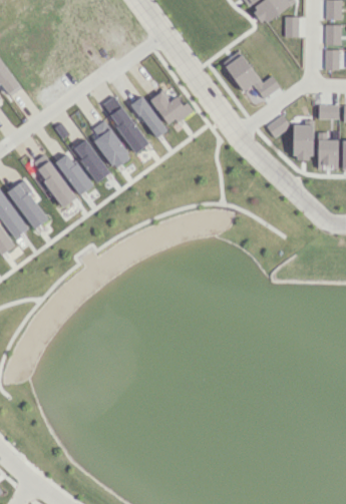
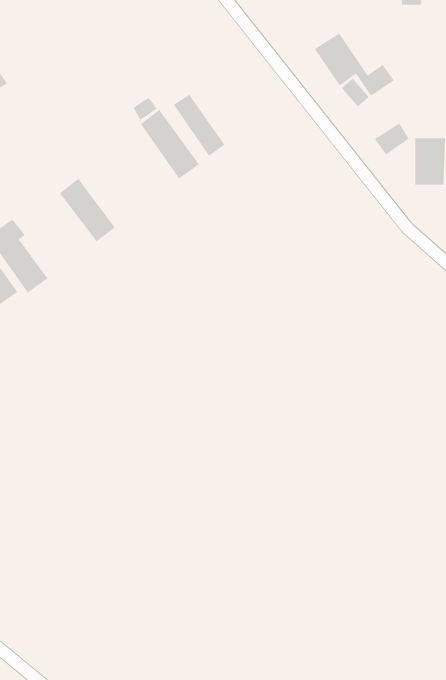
building: [150,91,194,124] -> none
building: [89,121,131,169] -> none
building: [74,139,108,182] -> none
building: [36,161,76,207] -> none

